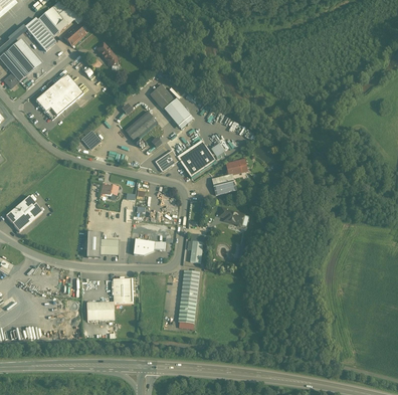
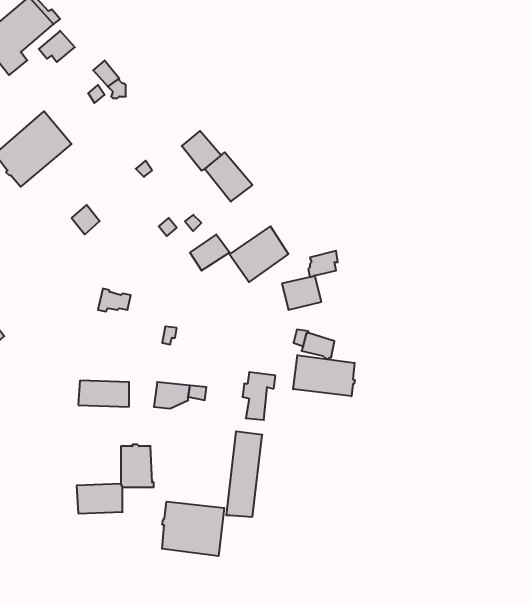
building: [125,111,157,142] -> none
building: none -> [293,355,355,396]
building: none -> [162,502,224,556]

